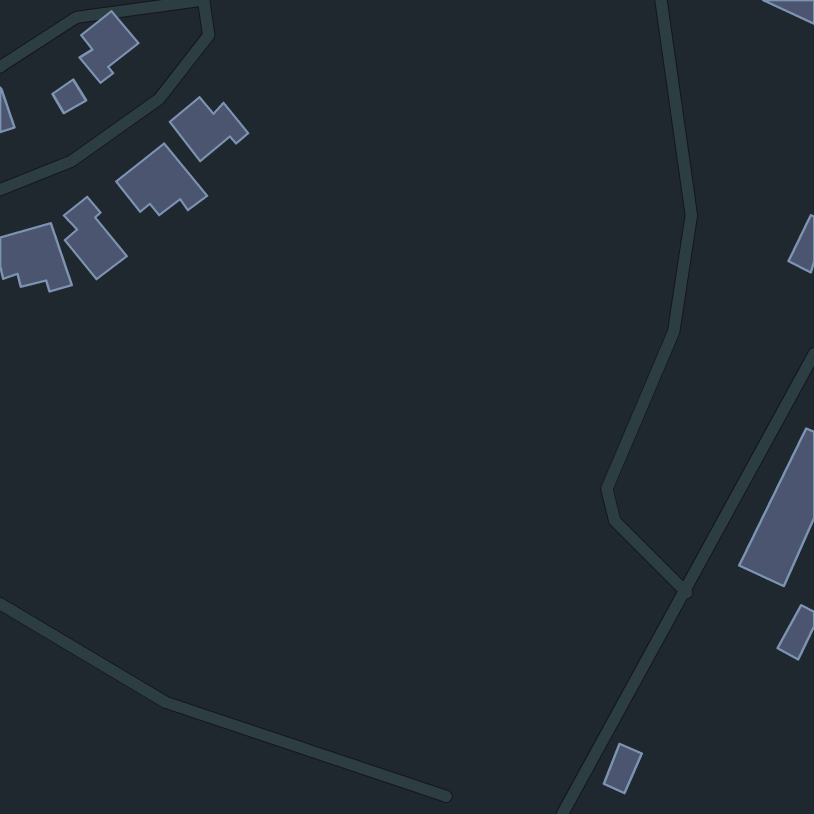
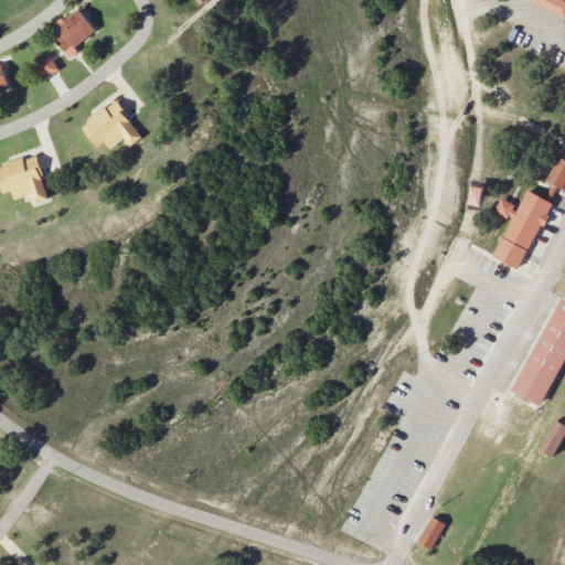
building: [170,97,248,161] -> none
building: [64,197,127,279] -> none
building: none -> [492,190,552,269]

